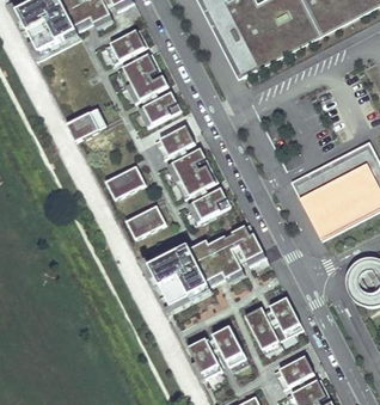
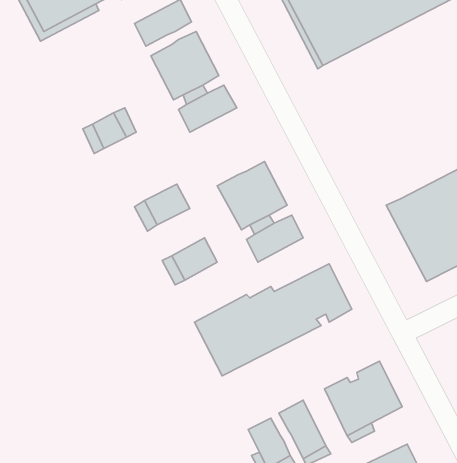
building: [154,124,197,159] -> none

